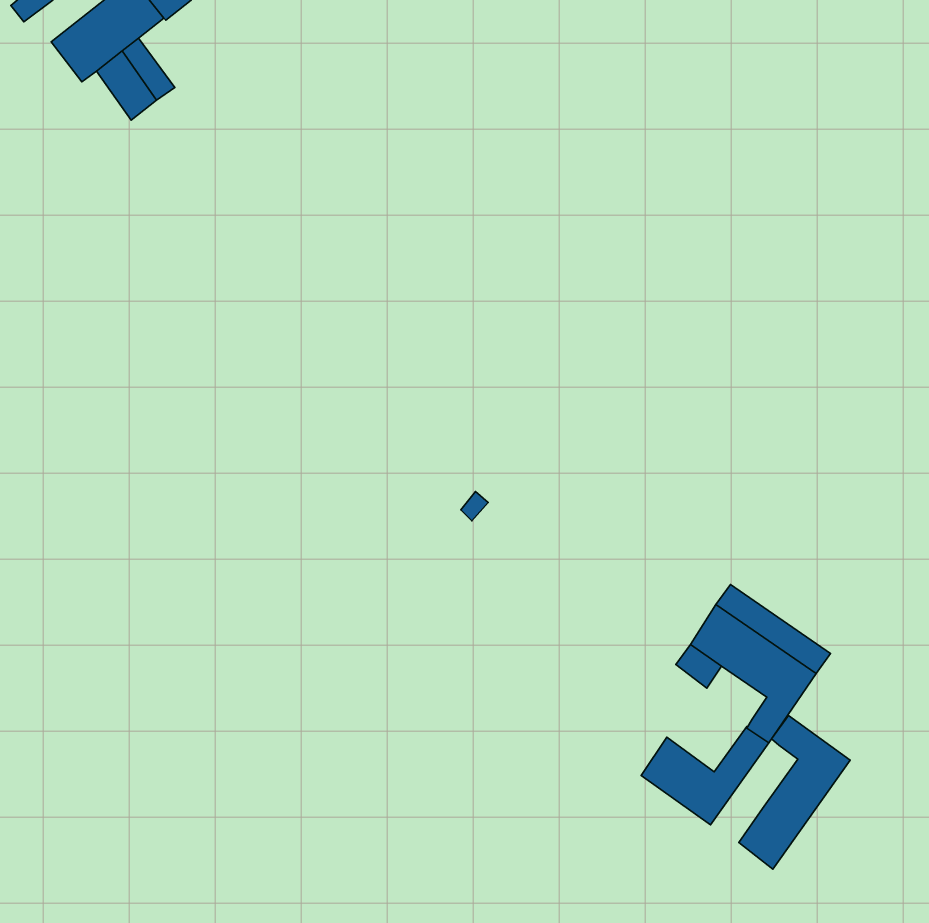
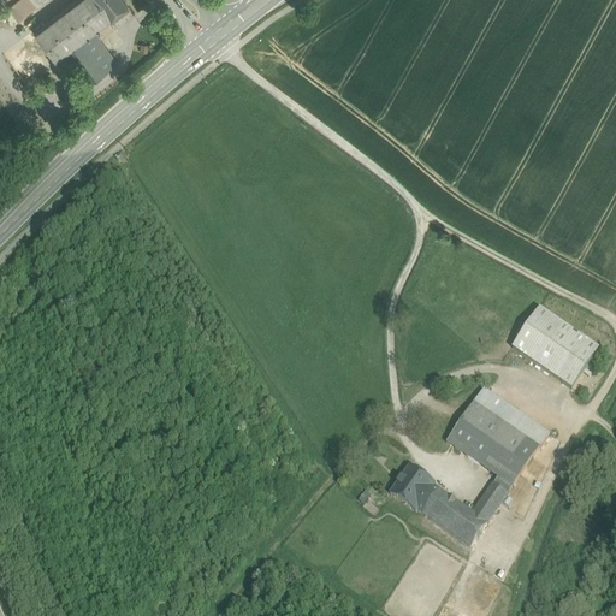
building: none -> [511,306,598,386]
building: none -> [467,440,507,475]
building: none -> [390,463,440,513]
building: [739,716,850,869] -> none

